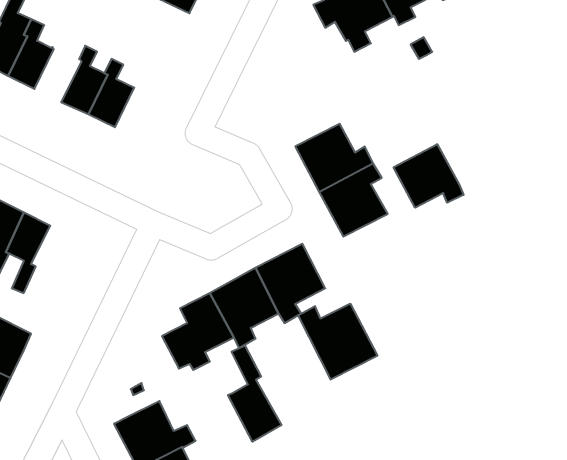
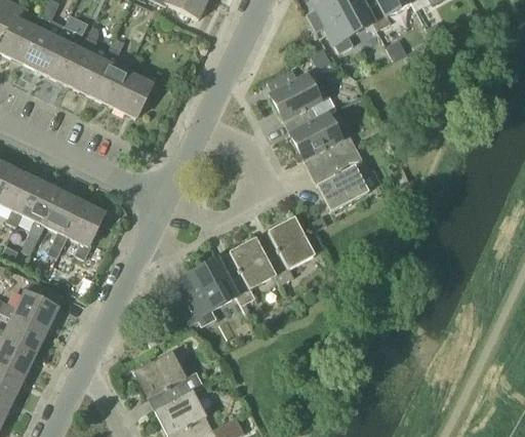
building: none -> [67,35,107,94]
building: none -> [269,74,335,132]
building: [394,144,464,208] -> none
building: none -> [64,200,104,259]
building: [298,304,377,380] -> none
building: [228,345,282,442] -> none

